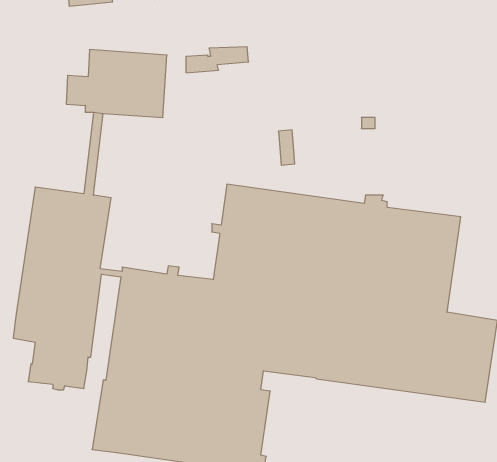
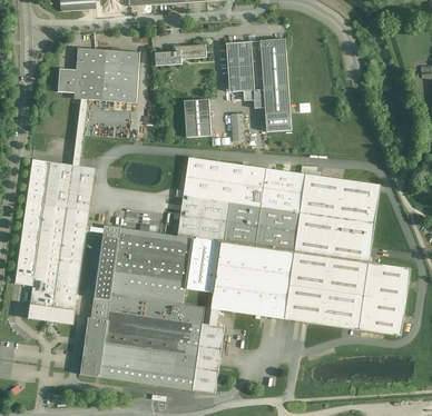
building: none -> [225,39,291,131]
building: none -> [184,99,210,137]

